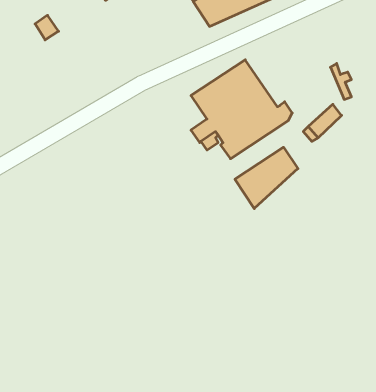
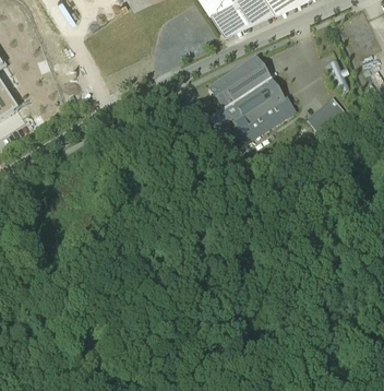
building: [235,147,298,209] -> none

